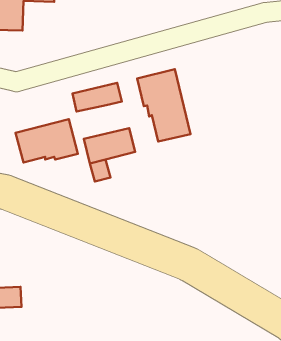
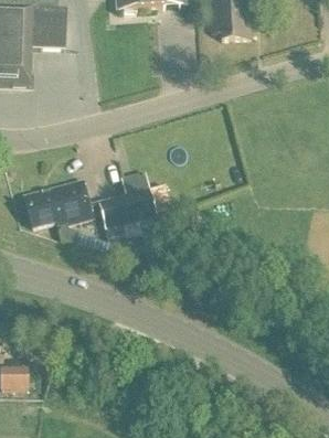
building: [137,69,191,142] -> none
building: [72,83,122,112] -> none

